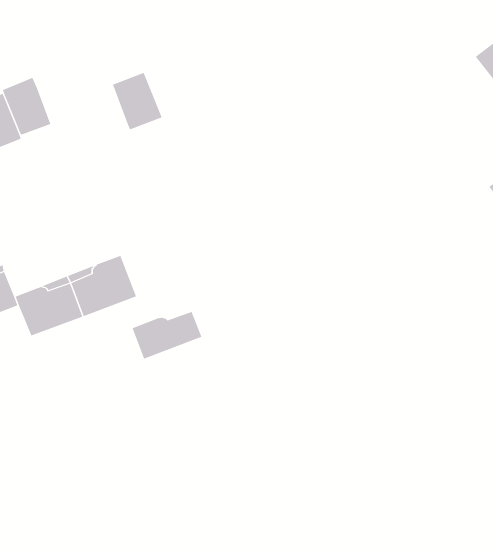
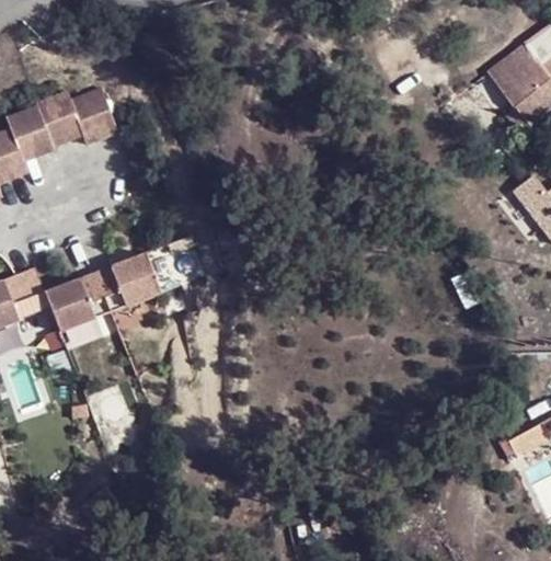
building: [112,72,162,130] -> [68,85,116,141]
building: [132,311,202,359] -> none

